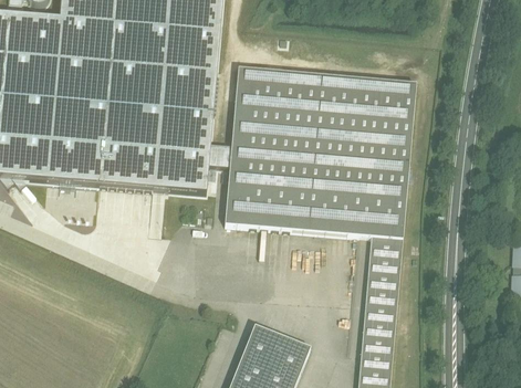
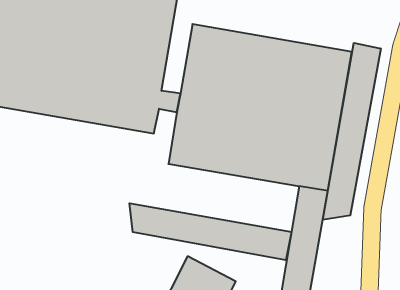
building: none -> [323,43,381,220]
building: none -> [129,203,291,260]

